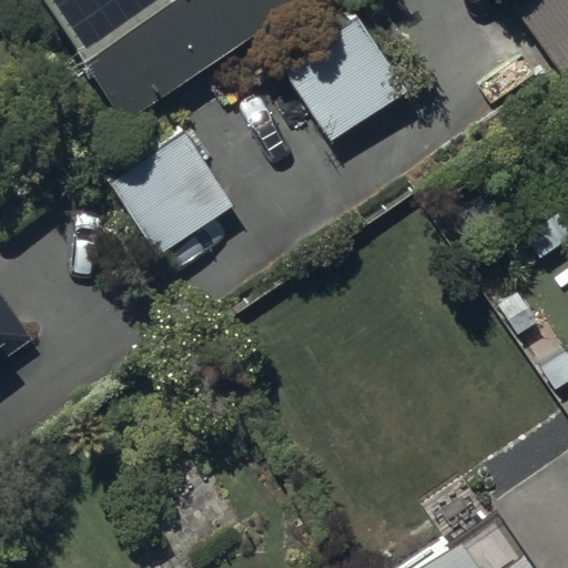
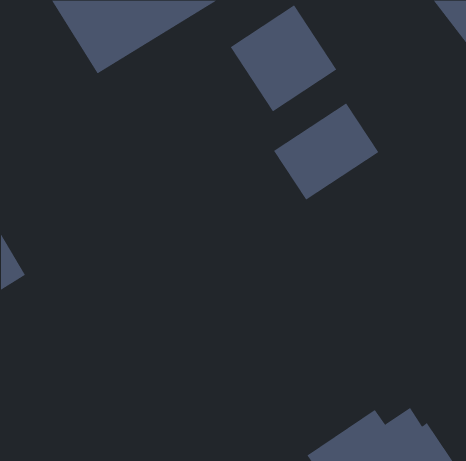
building: [111,125,235,260] -> none
building: none -> [273,102,379,200]

